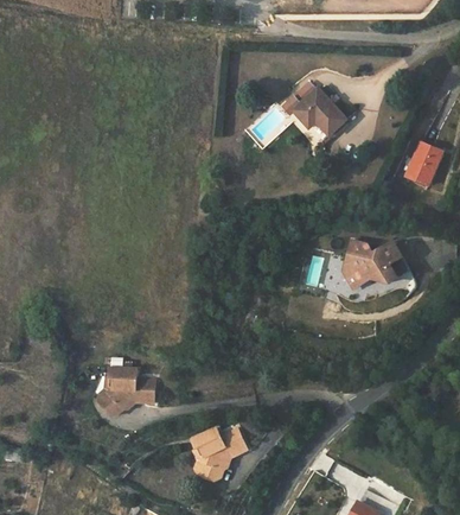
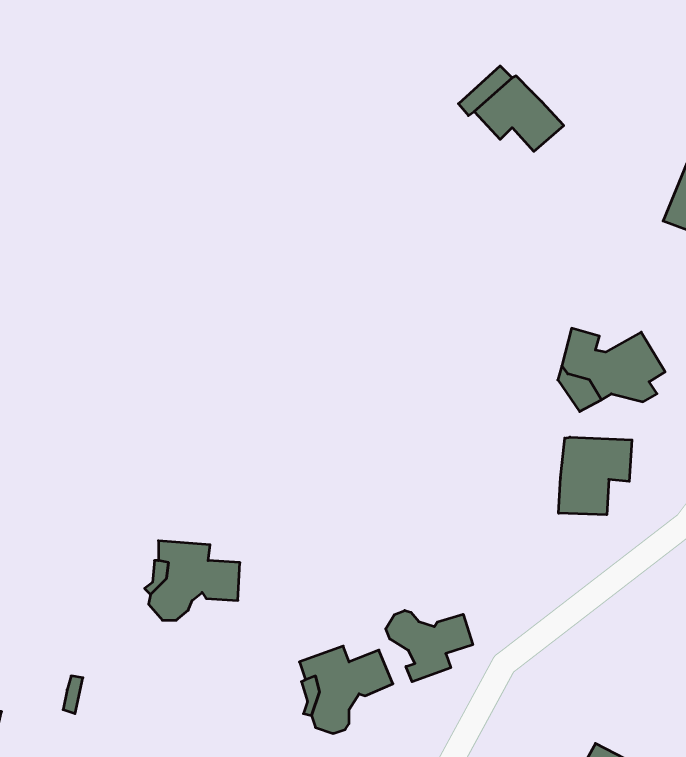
building: none -> [559,437,632,515]
building: none -> [386,610,473,682]

